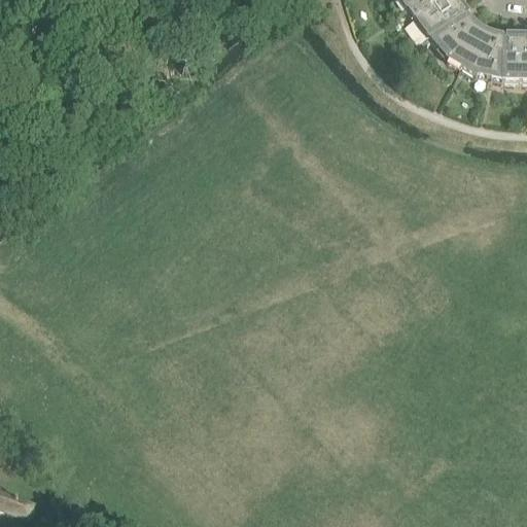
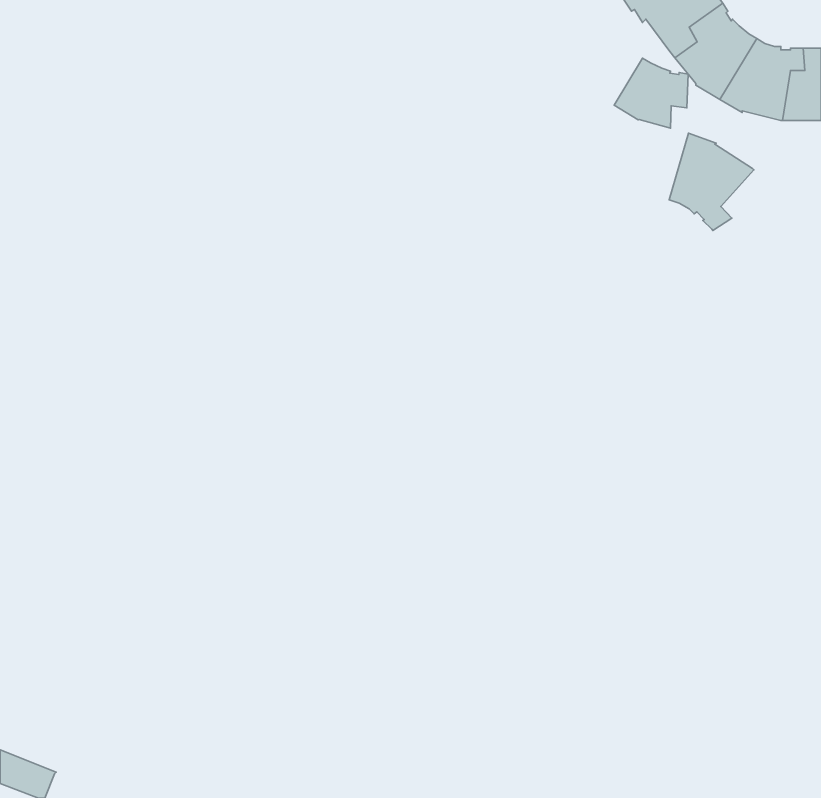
building: none -> [614,58,688,128]
building: none -> [669,133,754,231]

